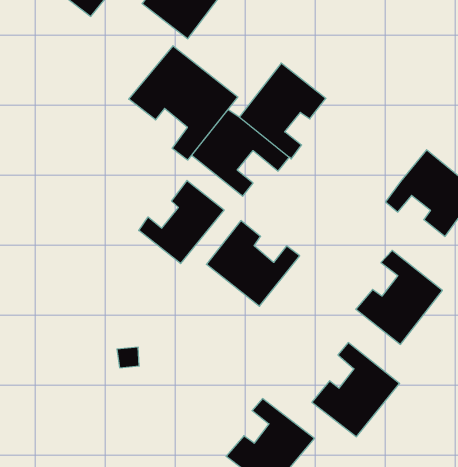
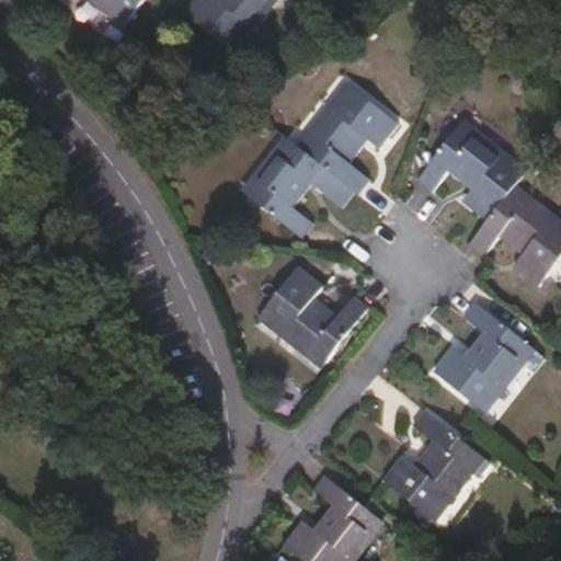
building: [129,46,238,160] -> none
building: none -> [415,119,526,220]
building: [139,180,224,264] -> none

